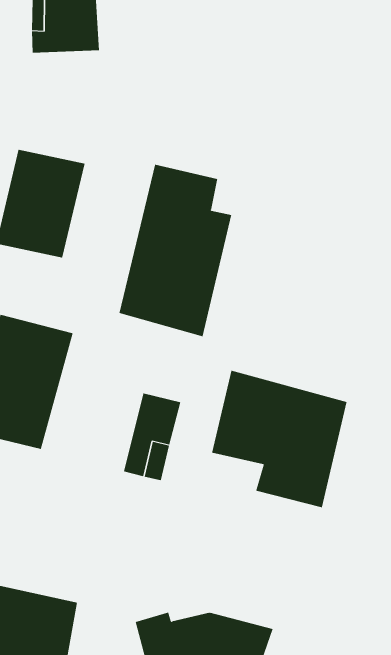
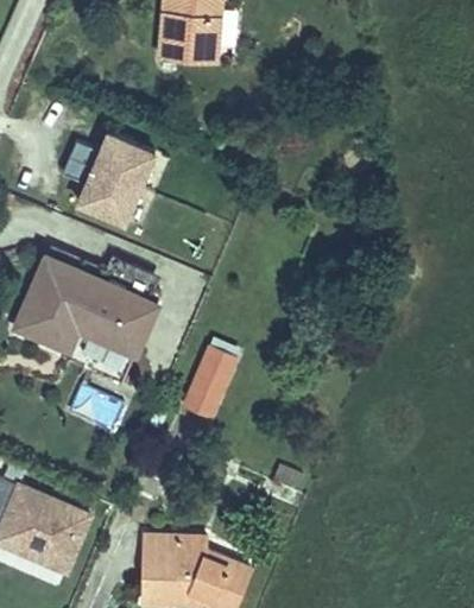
building: [119,164,232,337] -> none
building: [211,370,347,508] -> none

